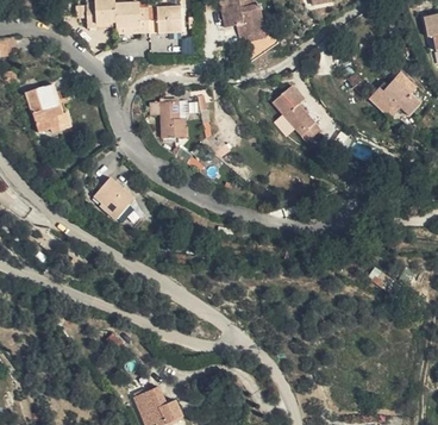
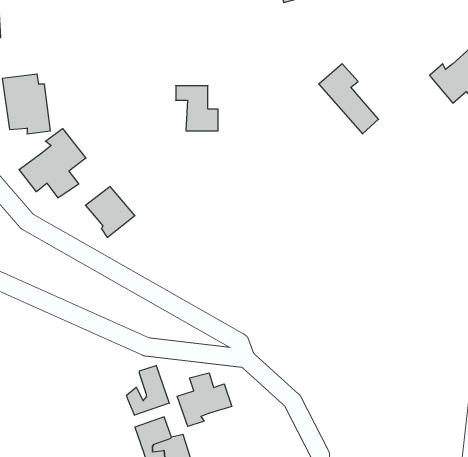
building: none -> [19,129,86,198]
building: none -> [127,365,169,415]
building: none -> [177,373,232,426]

